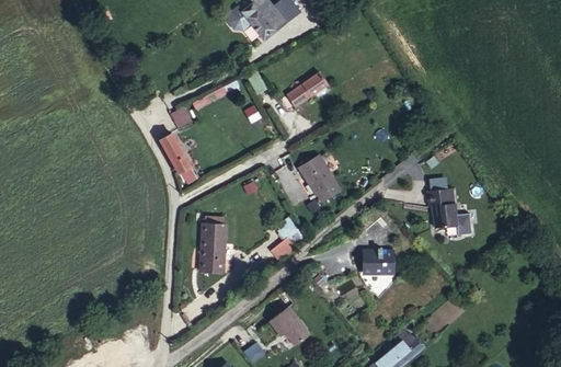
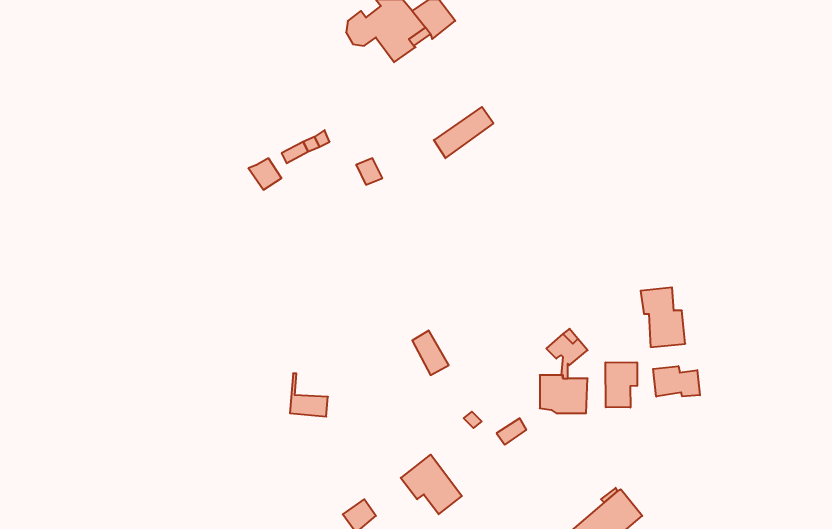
building: [159,131,199,184] -> none
building: [299,159,341,206] -> none
building: [198,227,224,264] -> none
building: none -> [606,362,637,408]
building: none -> [653,366,700,397]

